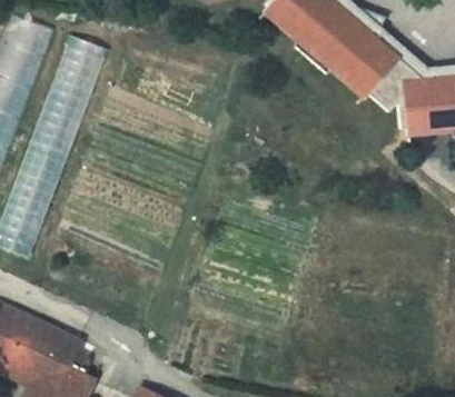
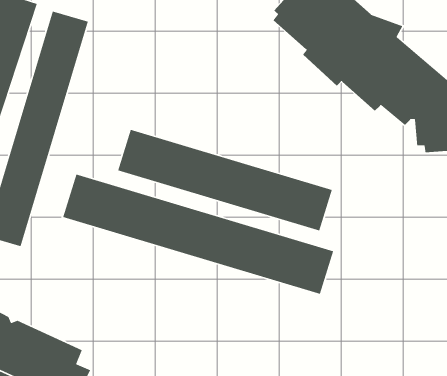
building: none -> [117,129,333,231]
building: none -> [62,173,334,295]

